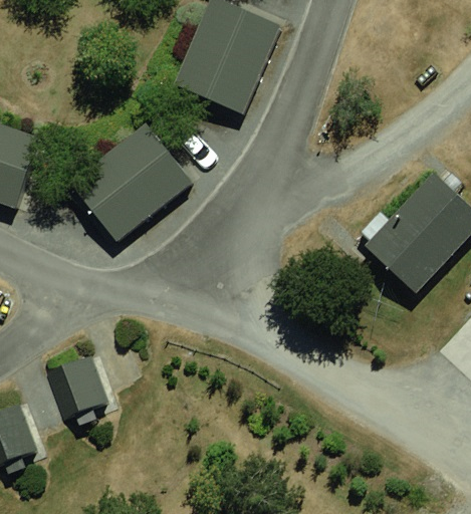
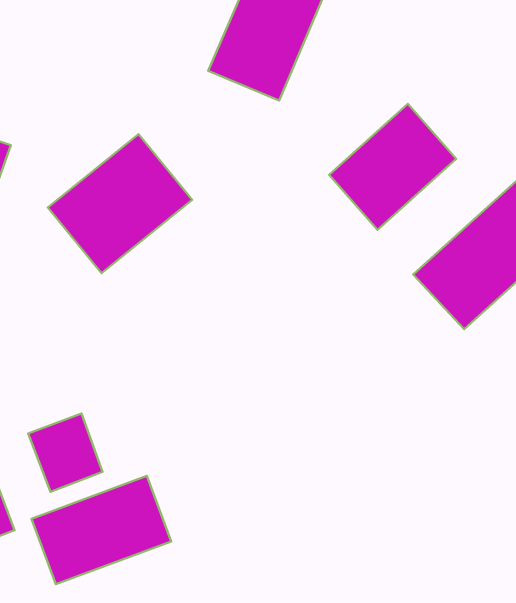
building: none -> [329,104,456,230]
building: none -> [32,476,171,584]

